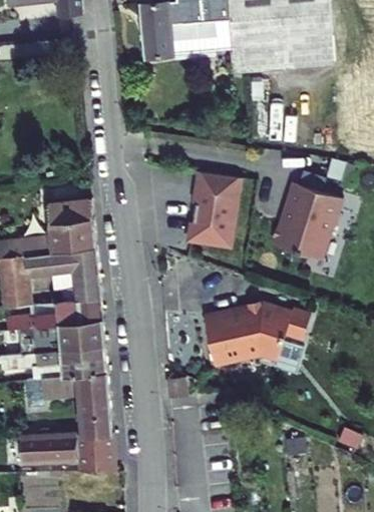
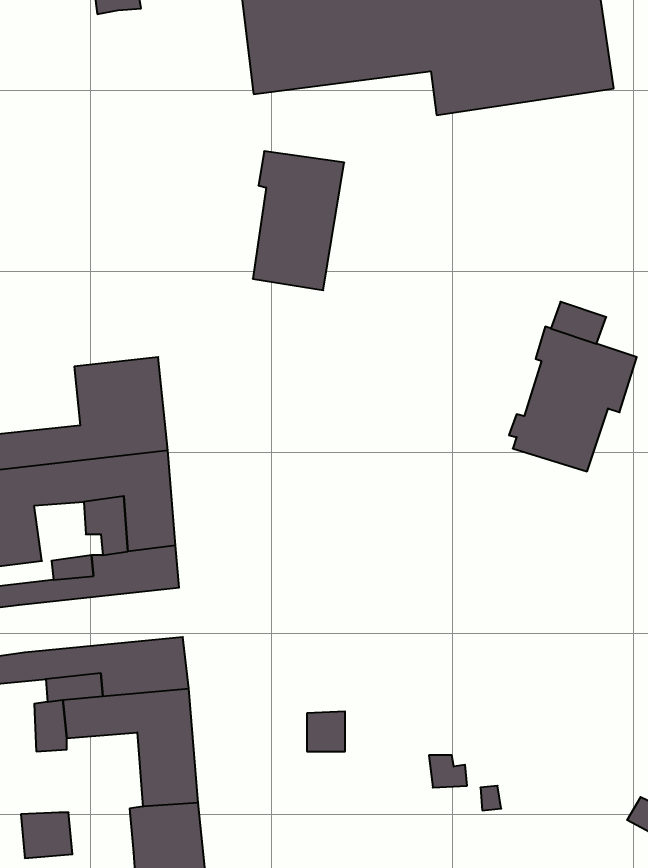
building: [190,171,238,244] -> [253,151,344,290]
building: [203,307,308,372] -> none
building: [17,319,103,353] -> none
building: [38,432,77,459] -> none

